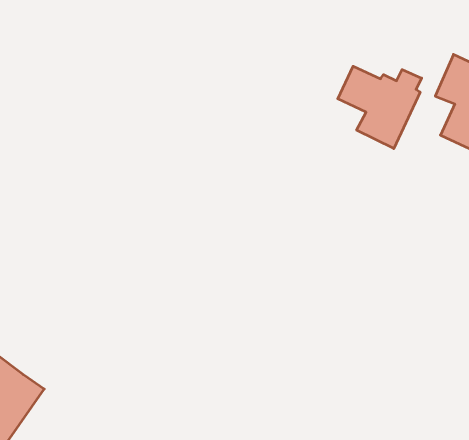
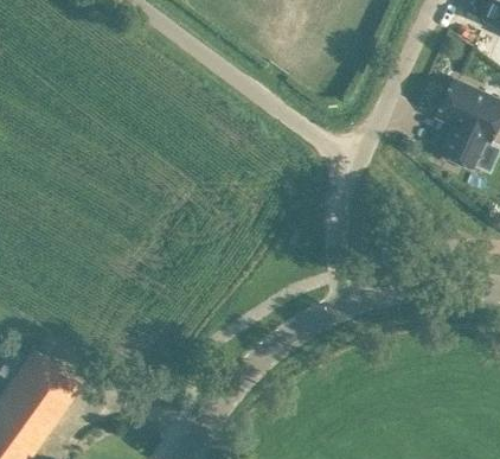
building: [338,66,422,149] -> none

